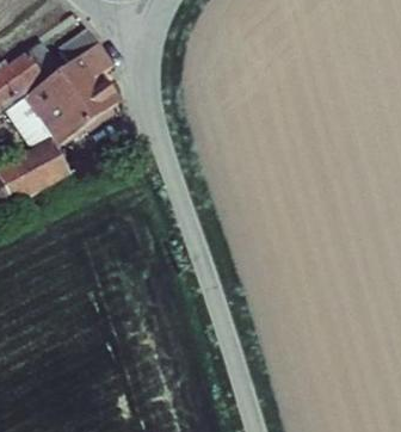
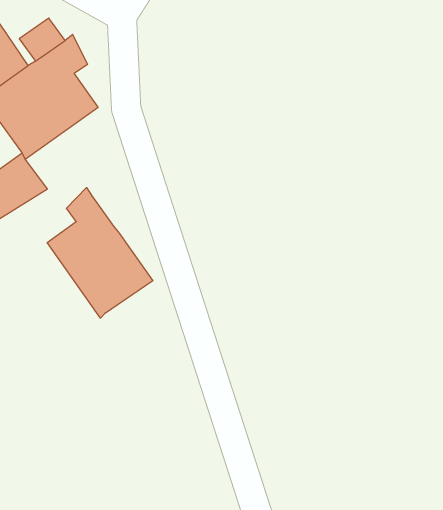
building: none -> [47,188,153,318]

